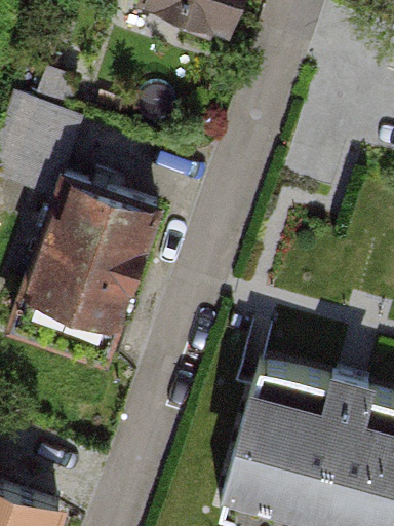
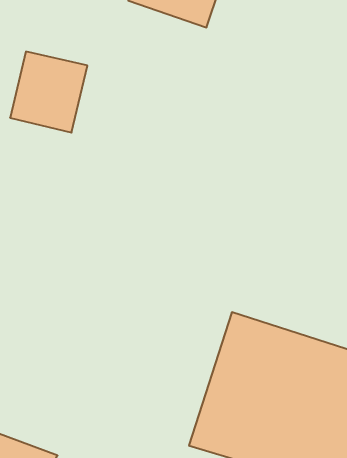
building: [17,178,163,350] -> none

